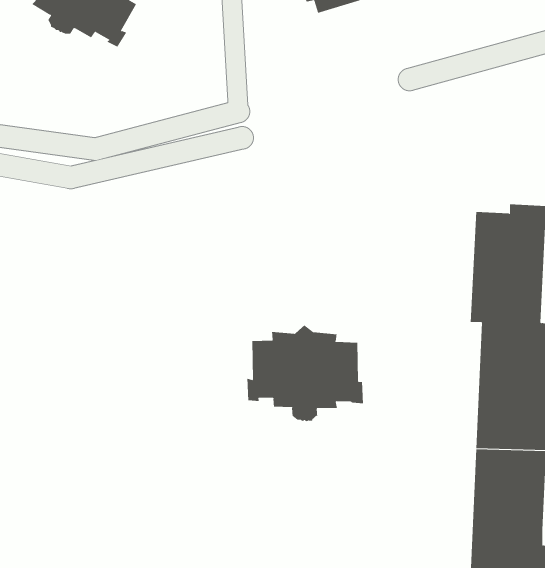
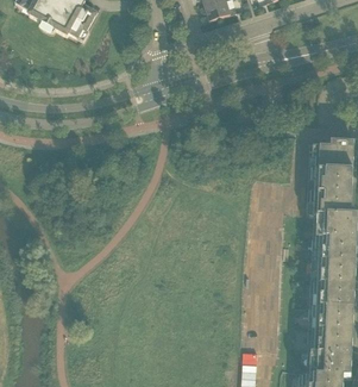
building: [247,324,363,422] -> none

